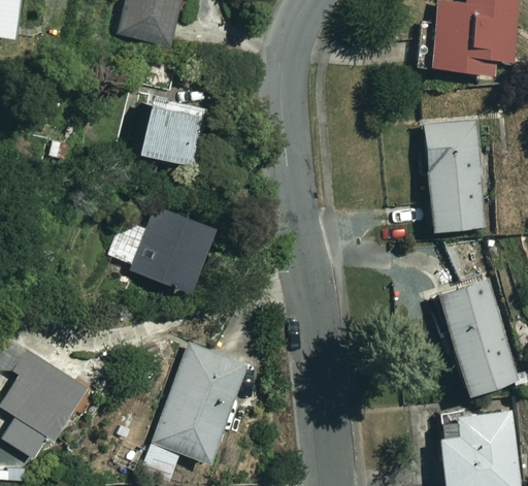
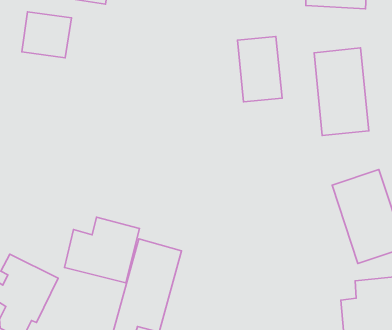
building: [131,101,196,162] -> [22,12,71,58]
building: none -> [238,36,282,102]
building: [110,204,207,289] -> [65,217,139,283]

